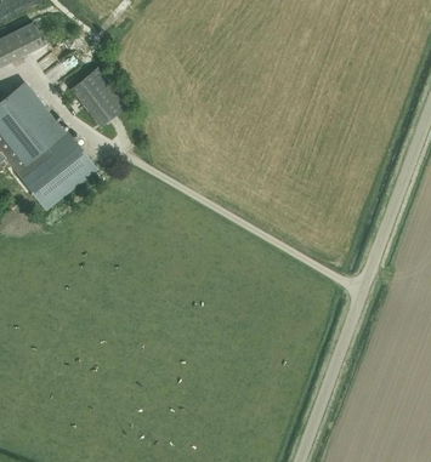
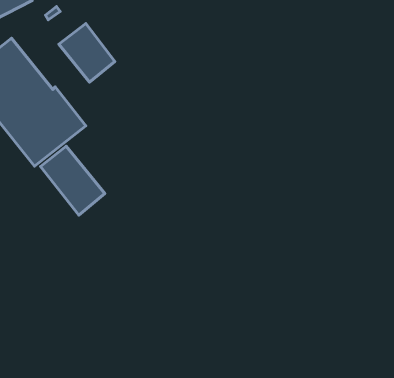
building: none -> [41,146,105,215]

